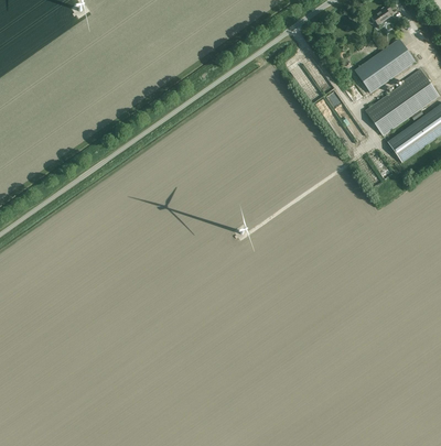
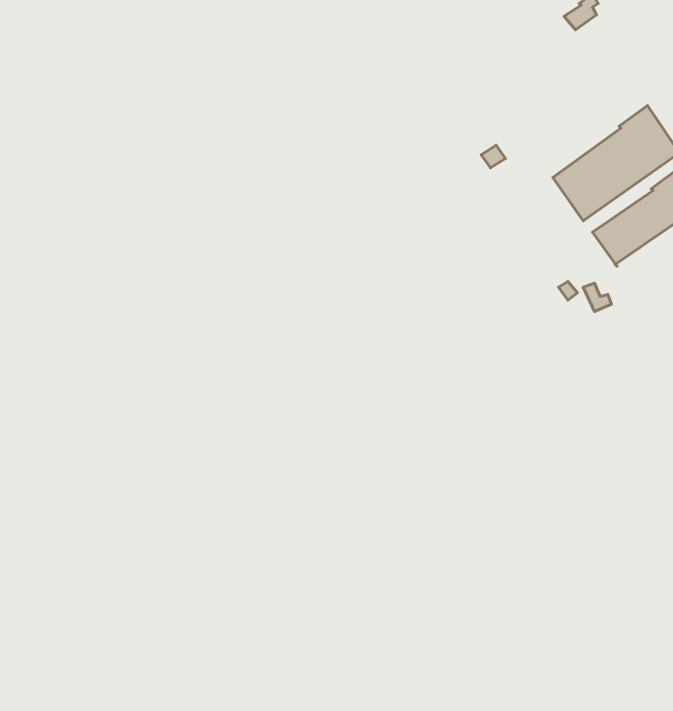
building: [355,40,415,91] -> none

